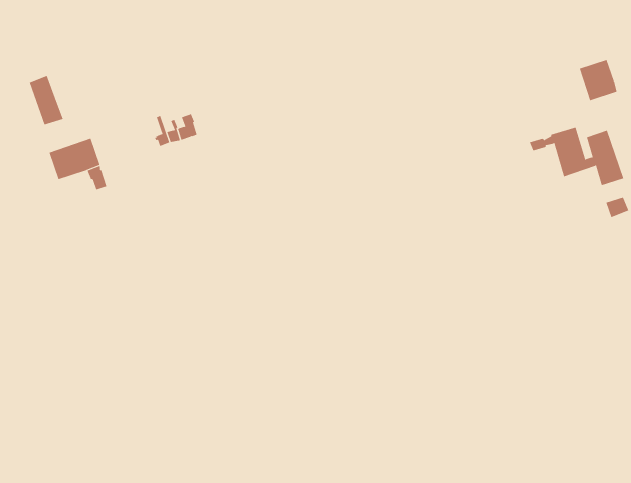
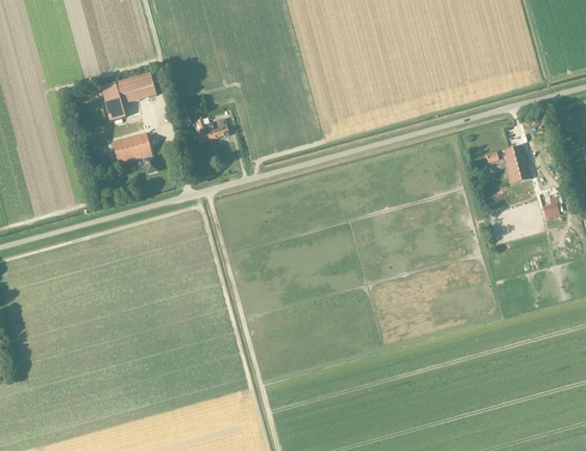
building: [579,59,617,101] -> none
building: none -> [115,72,155,116]

